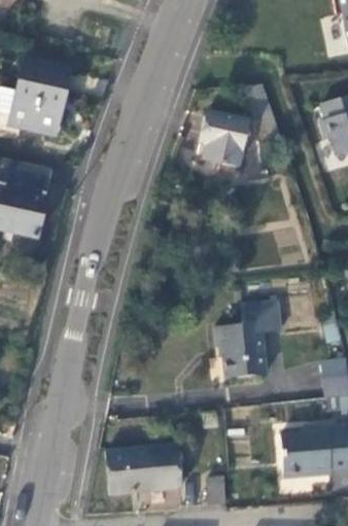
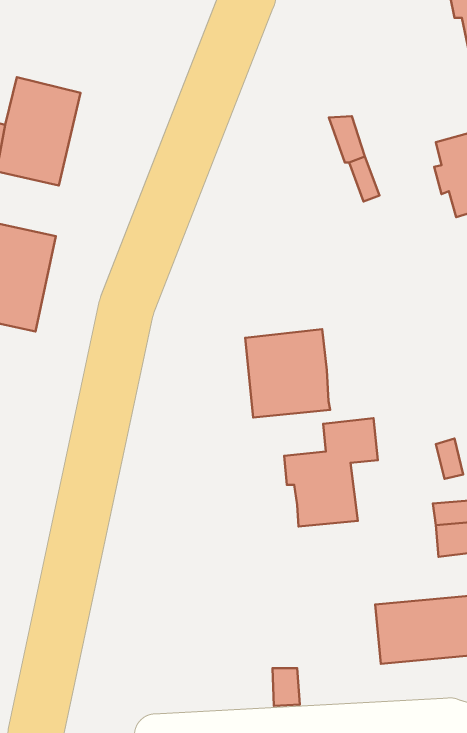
building: [202,112,247,168] -> none
building: none -> [245,329,330,417]
building: [106,444,181,495] -> none

